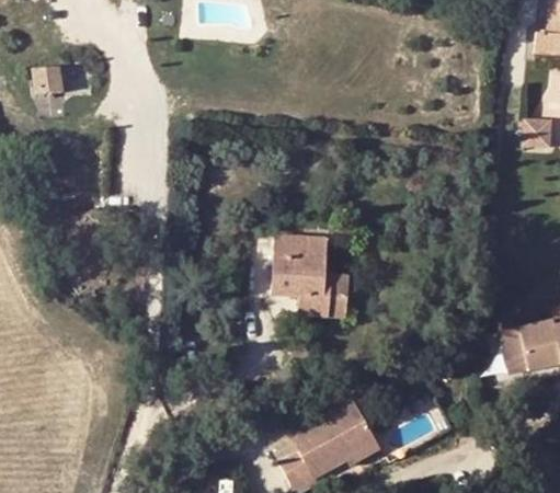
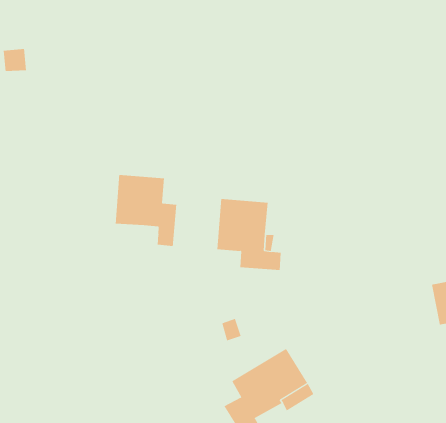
building: none -> [115,174,177,247]

